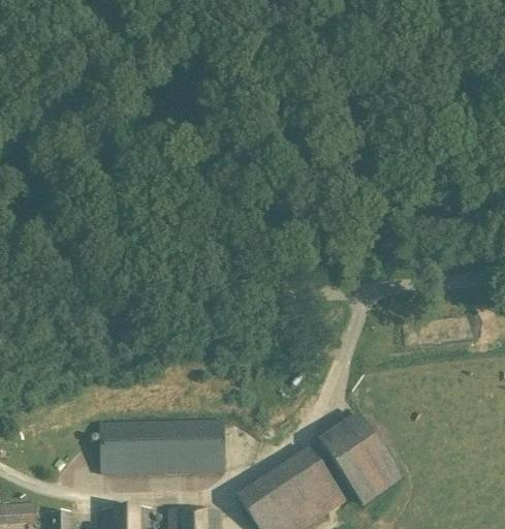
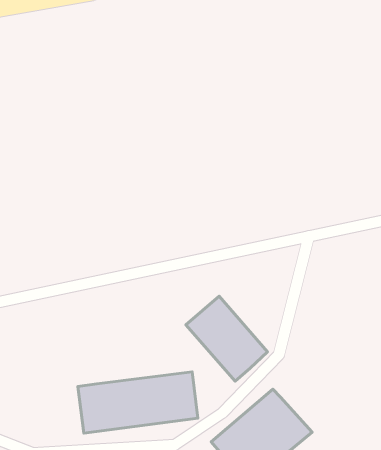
building: [317,413,402,506] -> [186,296,268,381]

